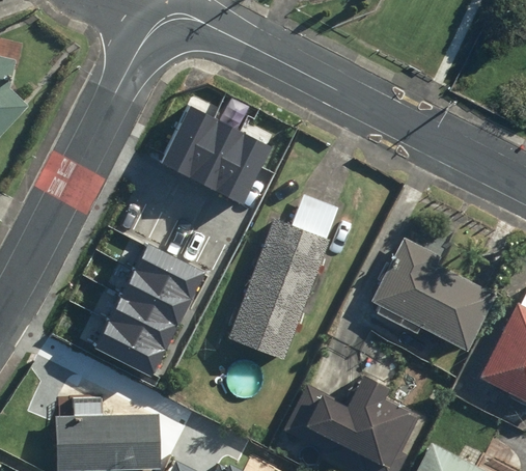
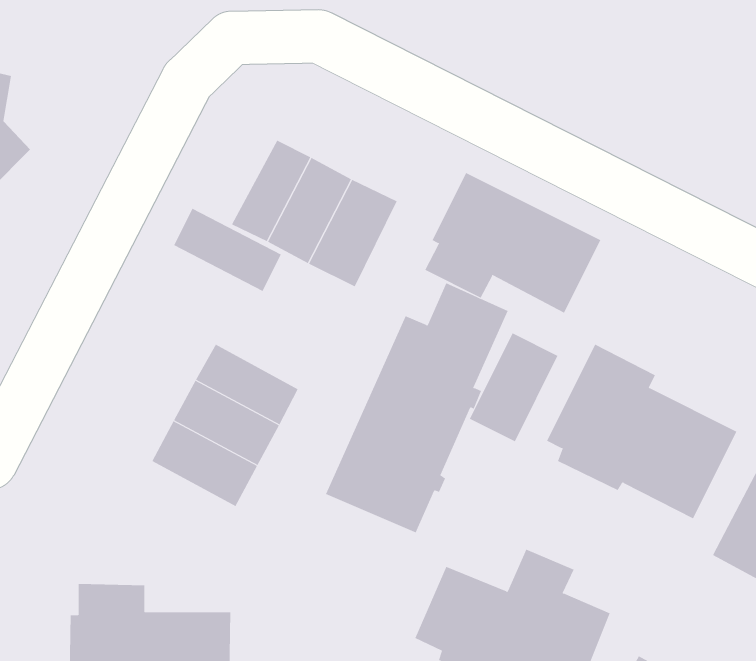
building: none -> [424,172,601,313]
building: none -> [174,208,281,292]
building: none -> [469,333,558,442]
building: [93,315,164,372] -> none

